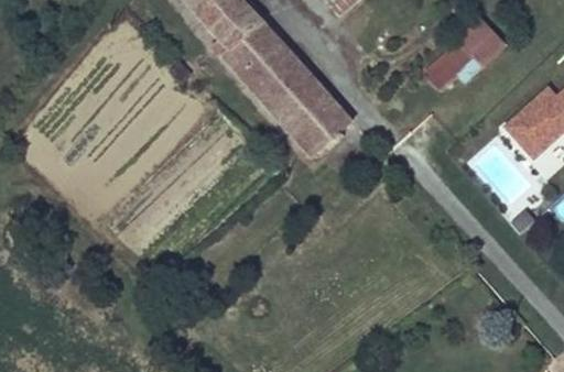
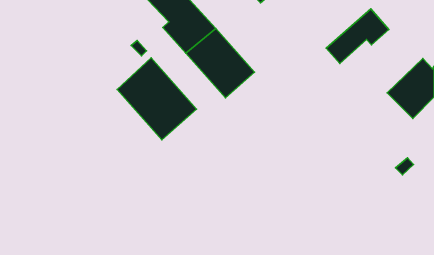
building: none -> [117,58,196,140]
building: [294,100,350,155] -> none

